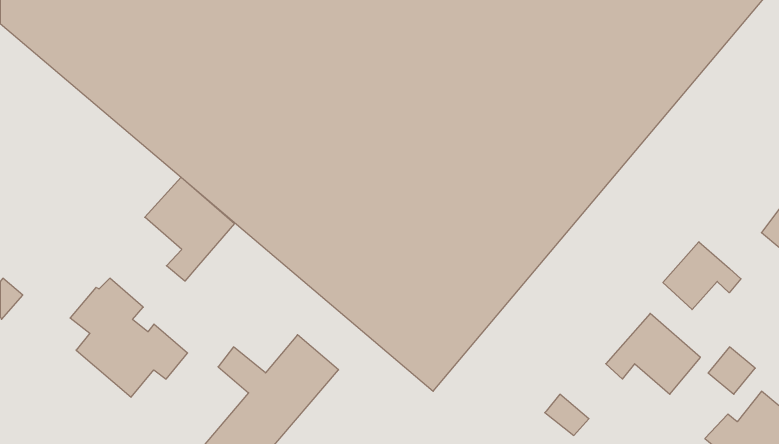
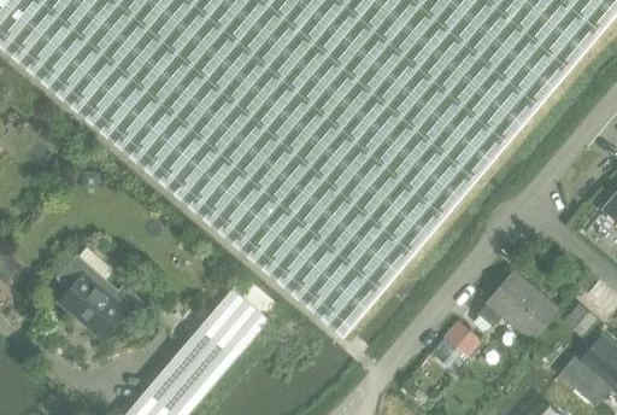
building: [145,177,235,281] -> none
building: [663,242,741,310] -> none
building: none -> [441,320,482,358]

